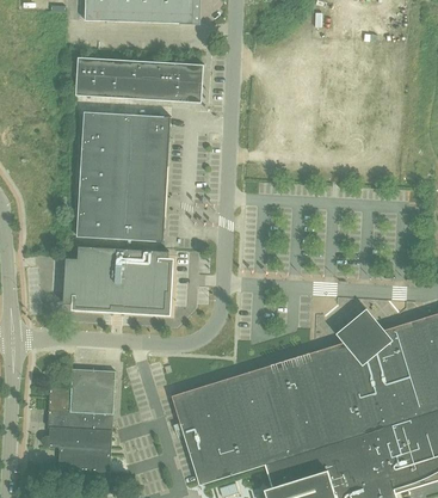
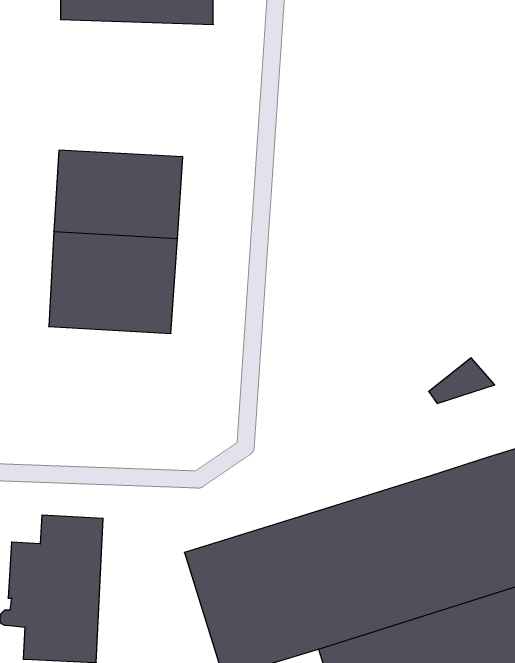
building: [74,56,202,96] -> none
building: [63,246,171,311] -> none
building: [339,309,385,342] -> [429,358,495,403]

